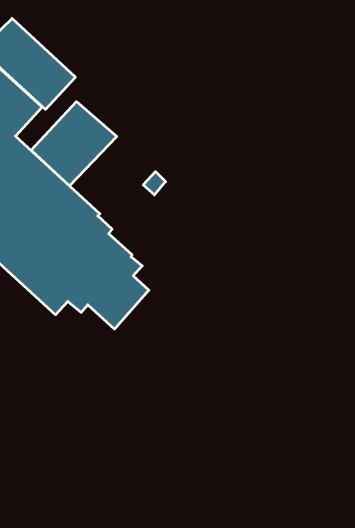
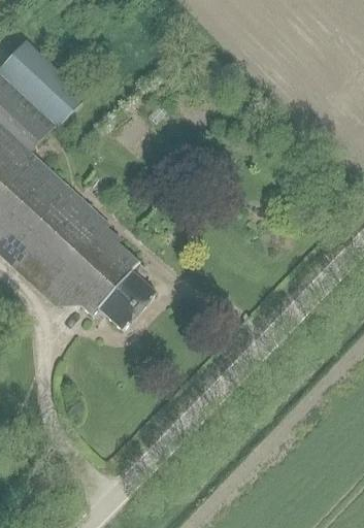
building: [31,102,117,186] -> none

